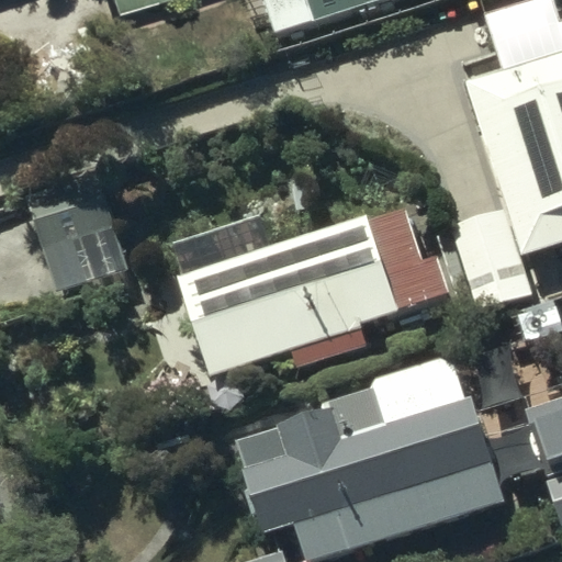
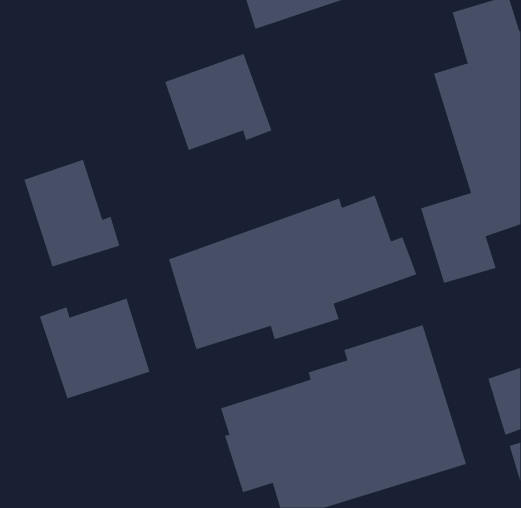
building: none -> [164,53,272,151]
building: none -> [39,298,150,399]

